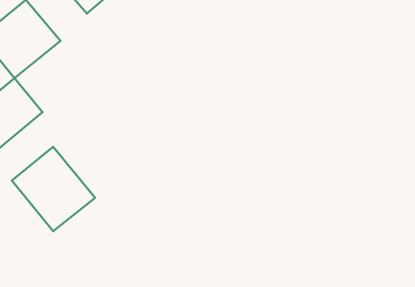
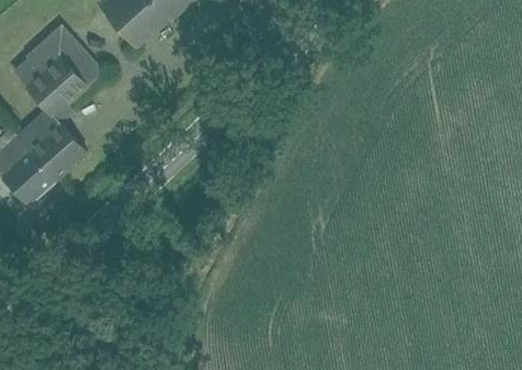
building: [12,147,95,231] -> none

